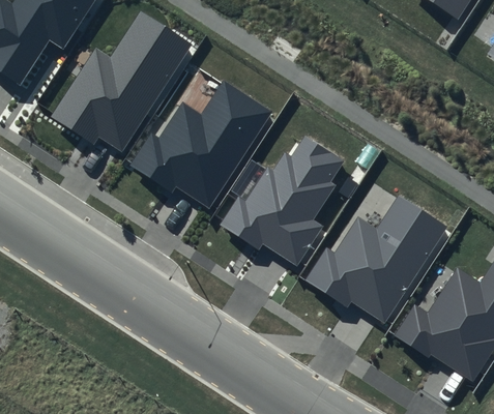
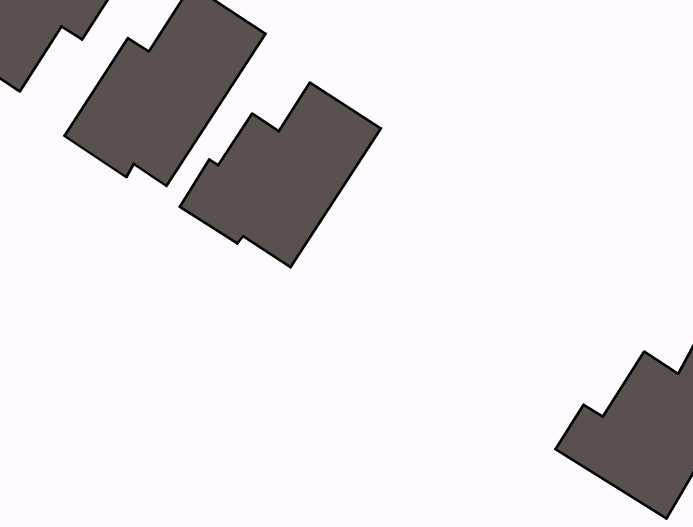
building: [221,136,344,265] -> none
building: [306,195,448,323] -> none

